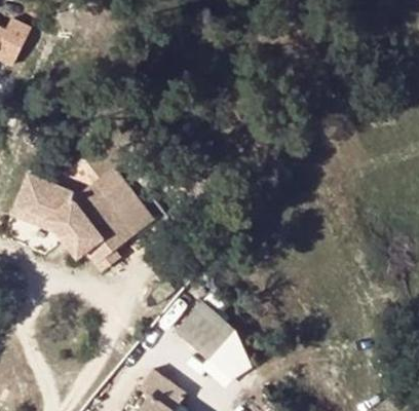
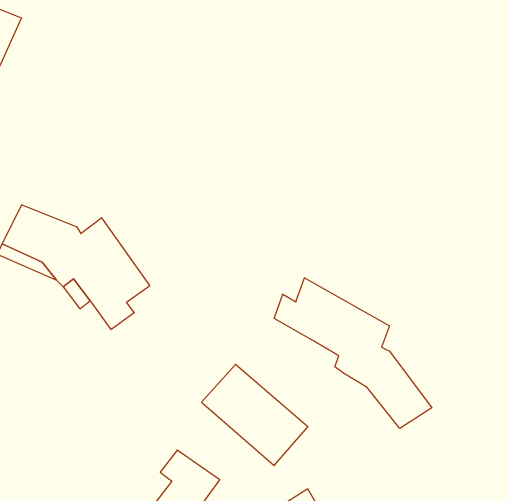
building: [93,169,153,237] -> none
building: none -> [274,278,432,428]

